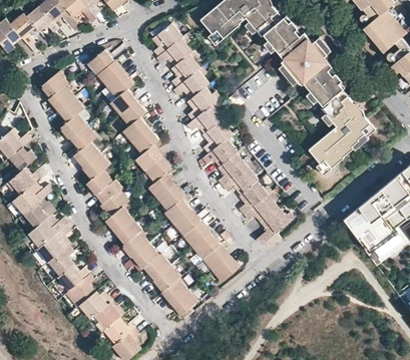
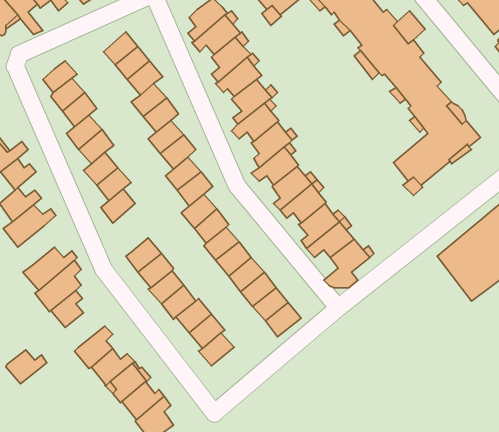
building: [95,179,128,218] -> none
building: [23,198,56,228] -> none
building: [58,264,89,290] -> [6,350,47,384]
building: [170,290,197,318] -> none

